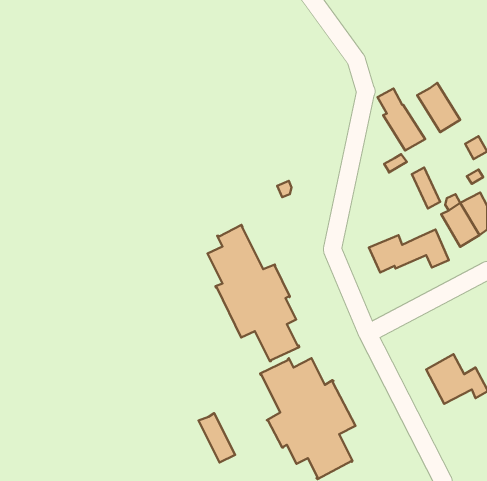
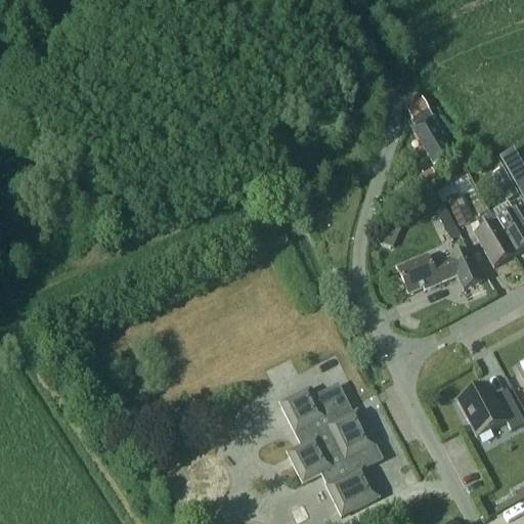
building: [417,83,460,132] -> none
building: [207,225,299,361] -> none
building: [199,413,235,462] -> none

